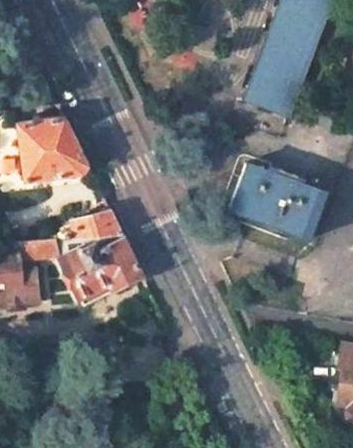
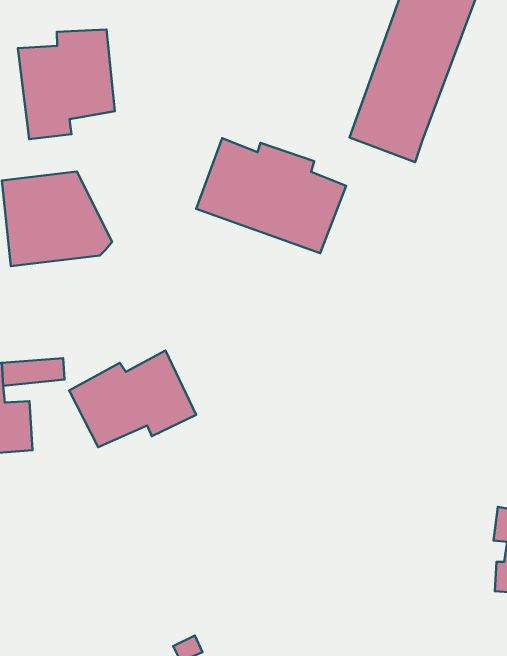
building: none -> [18,29,115,139]
building: [230,163,328,238] -> [196,138,346,253]
building: [75,212,124,242] -> none

